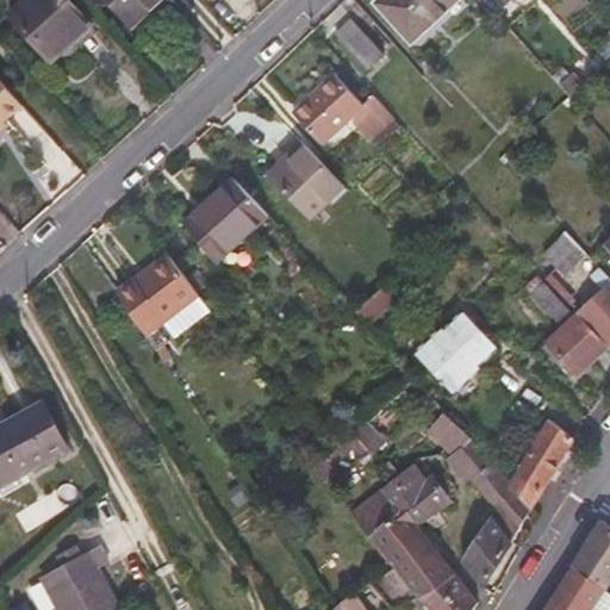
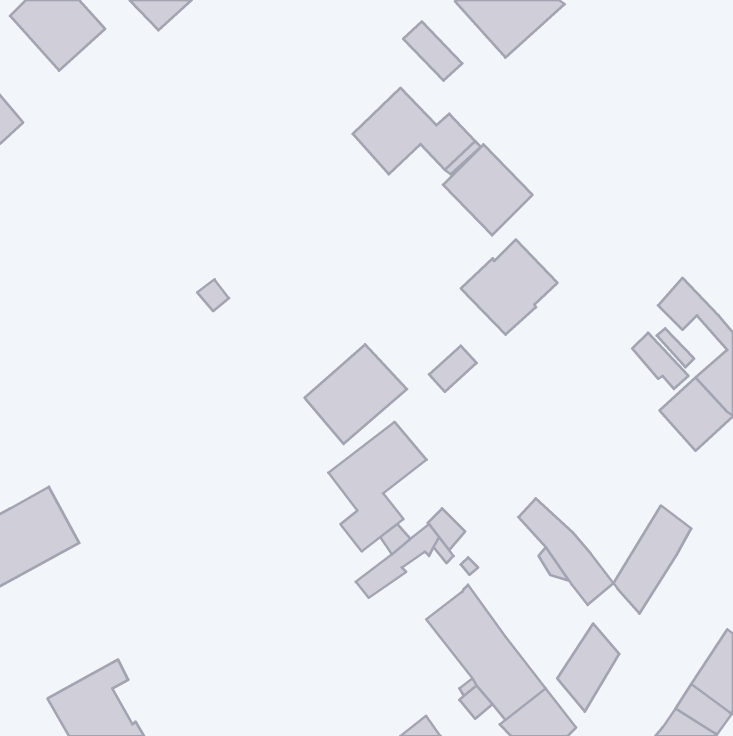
building: [266,141,340,216] -> [443,144,532,235]
building: [182,178,267,260] -> [305,344,407,444]
building: [114,251,197,332] -> none
building: [417,312,497,391] -> [461,240,557,335]
building: none -> [328,422,427,551]
building: [387,463,454,527] -> none
building: [486,483,531,541] -> none

